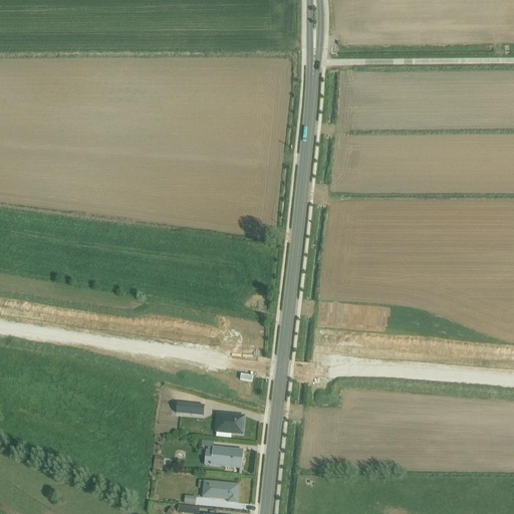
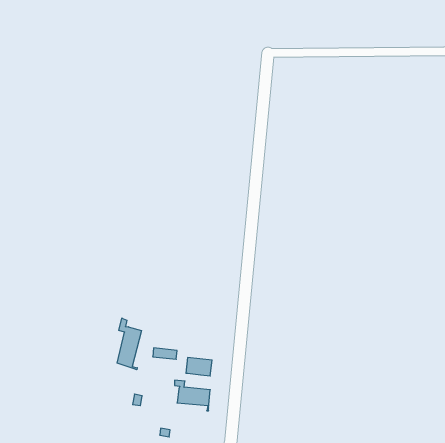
building: none -> [117,318,141,370]
building: [201,479,239,501] -> none

